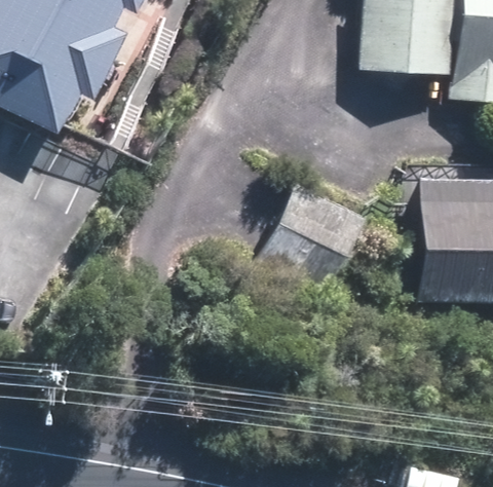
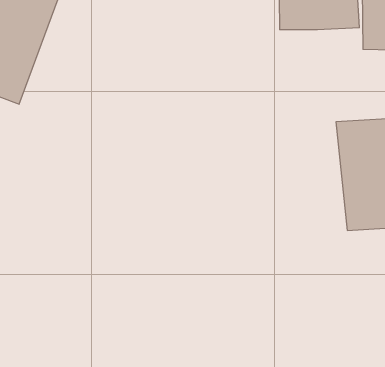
building: [259,183,371,294] -> none

